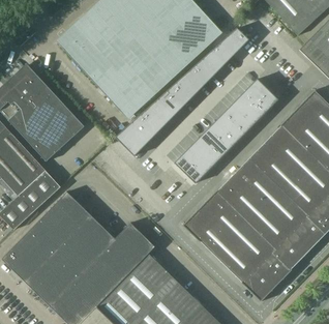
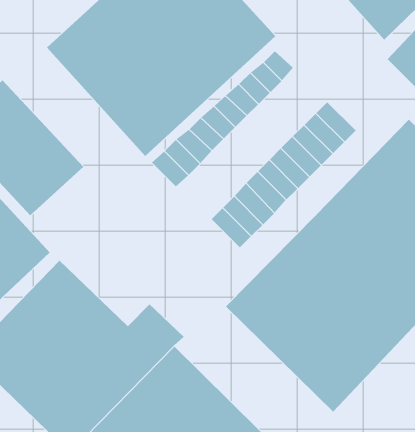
building: [219,28,248,55] -> none
building: [115,122,149,155] -> none

